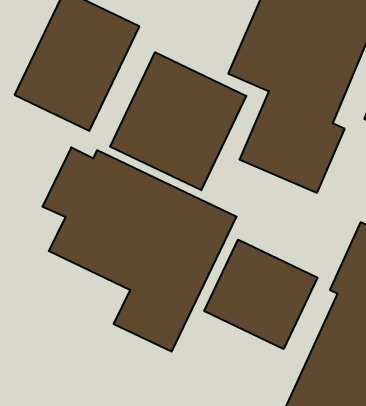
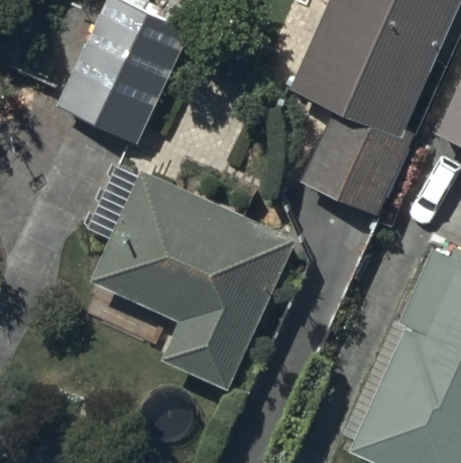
building: [110,52,246,190] -> none
building: [204,240,317,349] -> none

